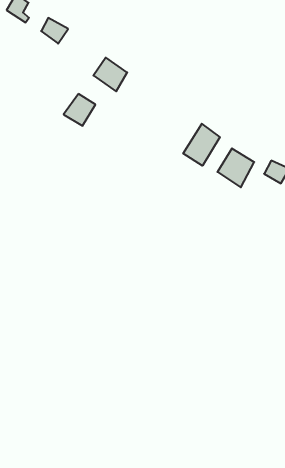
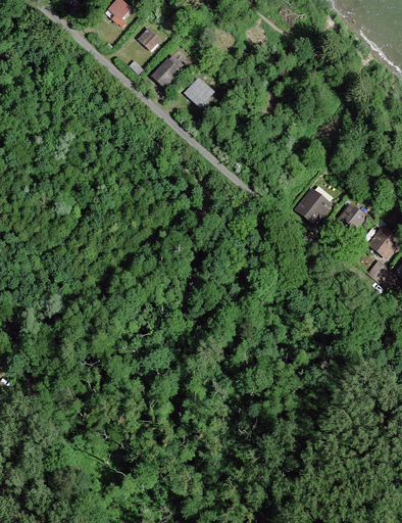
building: [64,94,95,126] -> [147,57,181,90]
building: [183,124,220,166] -> none

